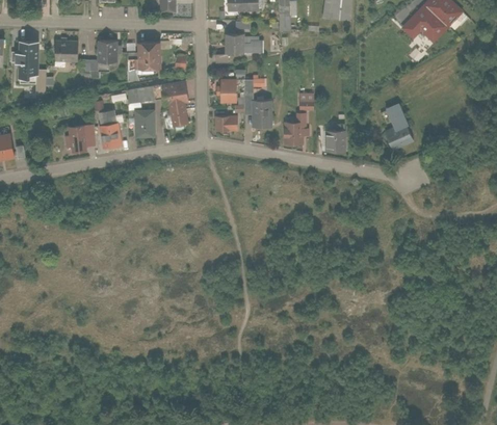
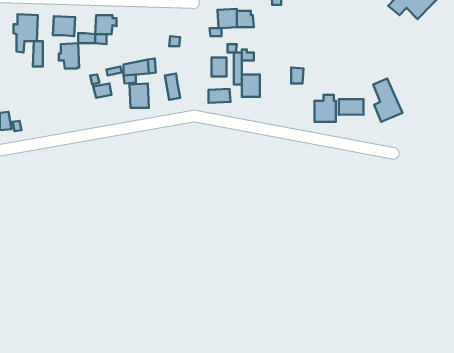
building: [138,41,162,65] -> none
building: [163,80,189,102] -> none
building: [284,112,307,143] -> none
building: [100,122,122,148] -> none
building: [64,126,85,152] -> [59,43,79,69]
building: none -> [339,99,364,115]

